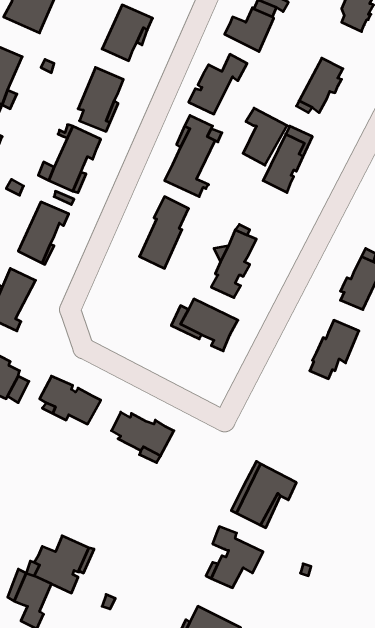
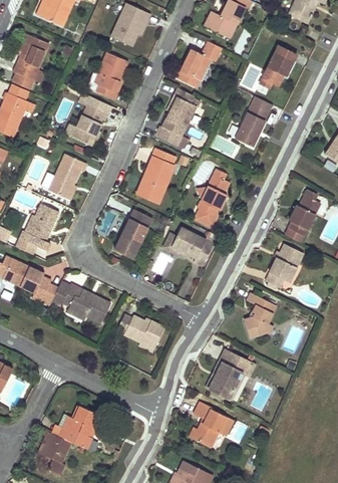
building: [243,108,287,165] -> none
building: none -> [112,209,151,259]
building: none -> [244,290,276,334]

